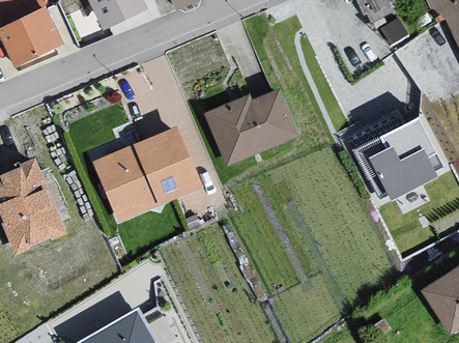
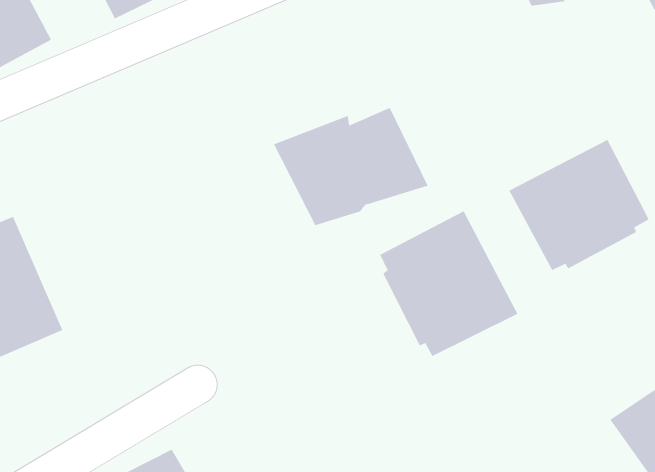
building: [93,125,202,224] -> none
building: none -> [379,210,518,357]

